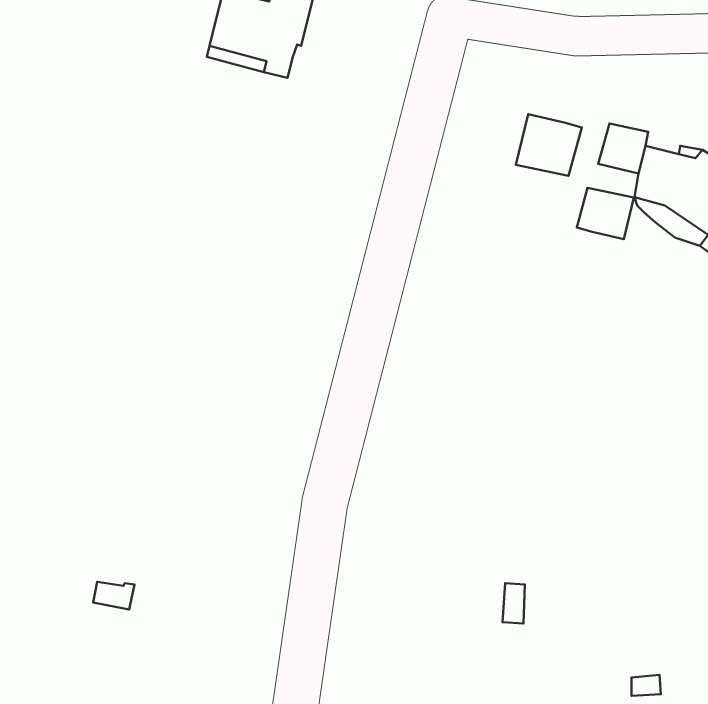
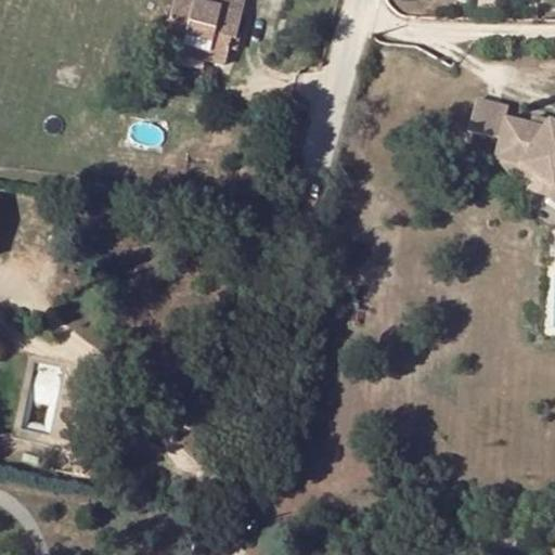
building: [516,114,582,176] -> none
building: [577,188,634,239] -> none

